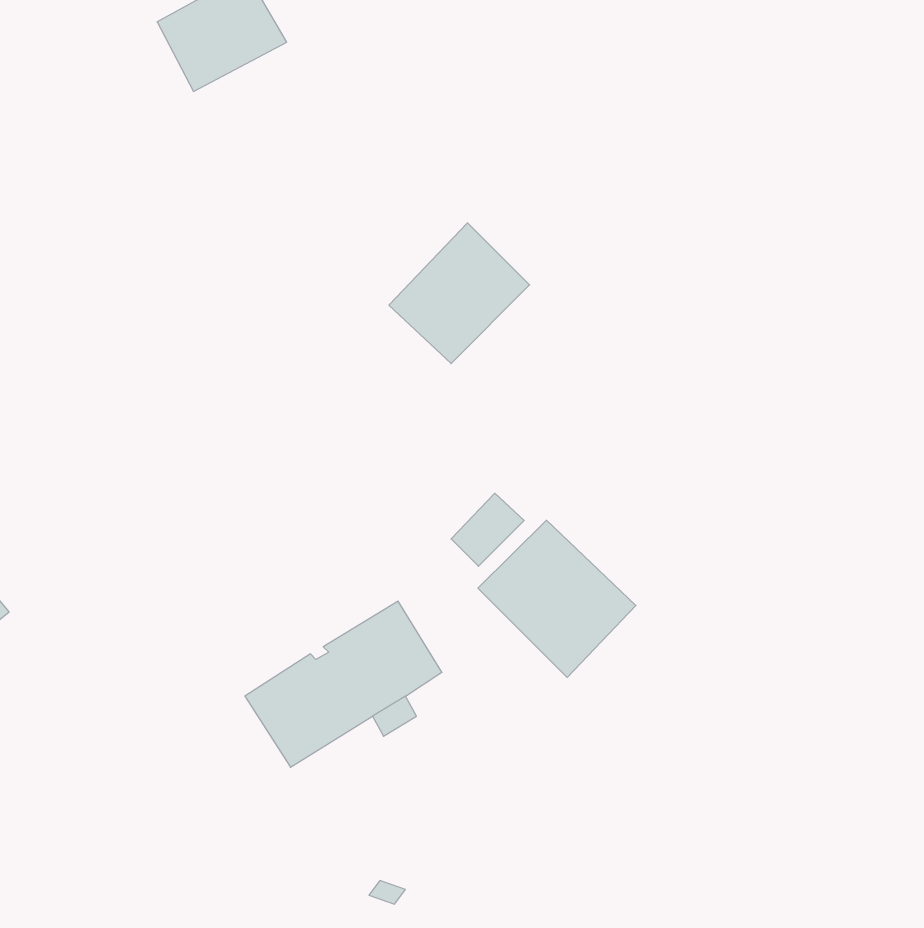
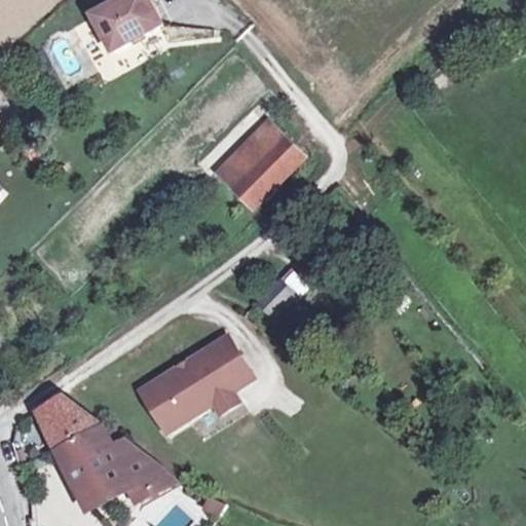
building: [478,520,636,677] -> none
building: none -> [36,397,171,509]

